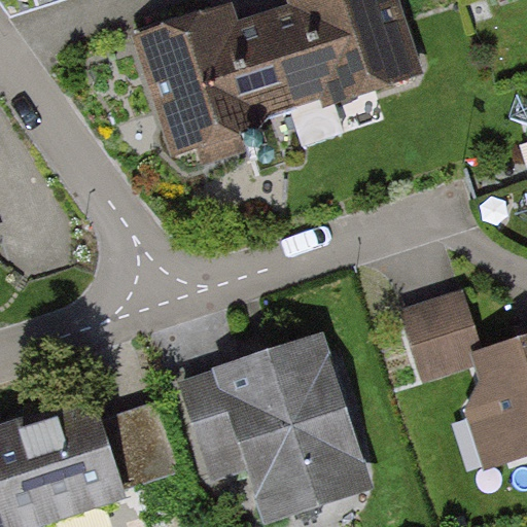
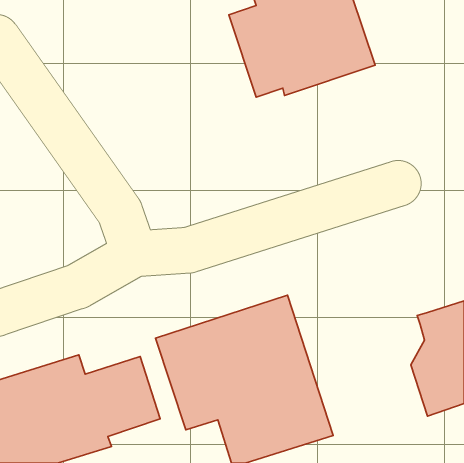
building: [130,4,288,157] -> none
building: [398,288,481,381] -> none

